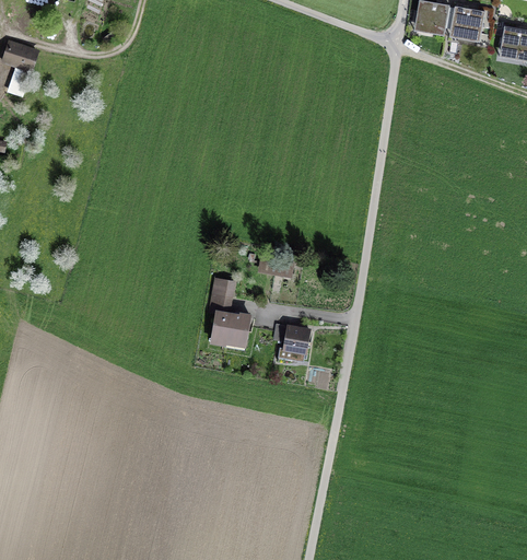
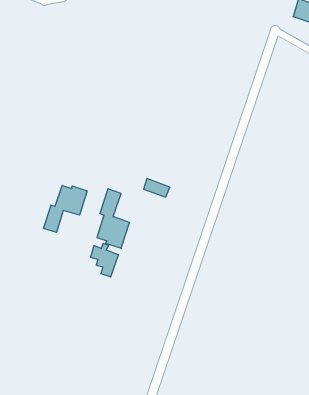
building: none -> [44,185,87,232]
building: [274,320,309,361] -> [90,244,119,277]

